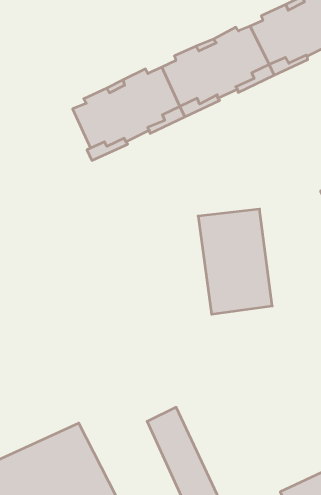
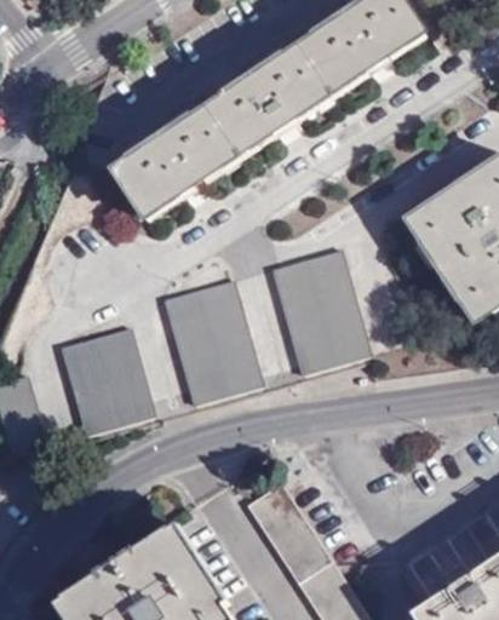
building: none -> [164,281,262,407]
building: none -> [68,328,160,435]

